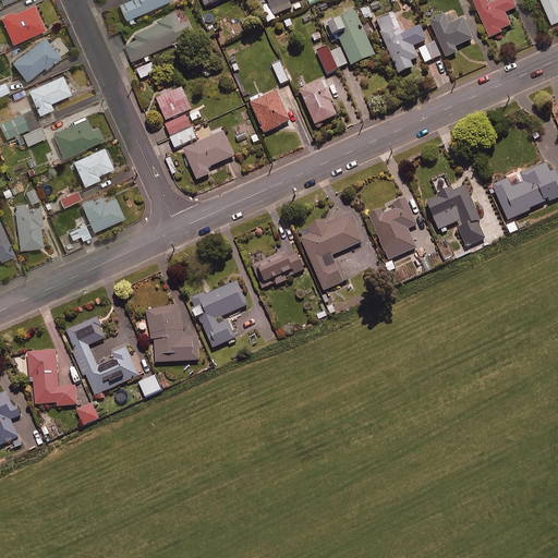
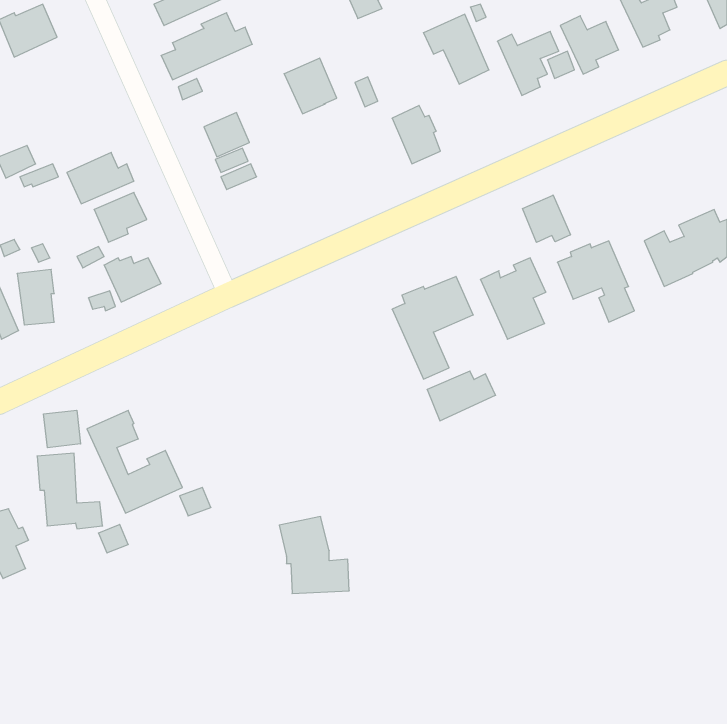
building: [10,36,60,81] -> none
building: [315,45,347,72] -> none
building: [26,74,70,114] -> none
building: [250,89,290,132] -> [284,58,337,114]
building: [182,130,234,179] -> none
building: none -> [523,195,570,242]
building: [252,250,304,288] -> [427,371,496,421]
building: [190,280,246,347] -> none
building: [145,303,198,362] -> [279,517,349,594]
building: none -> [44,410,81,448]

